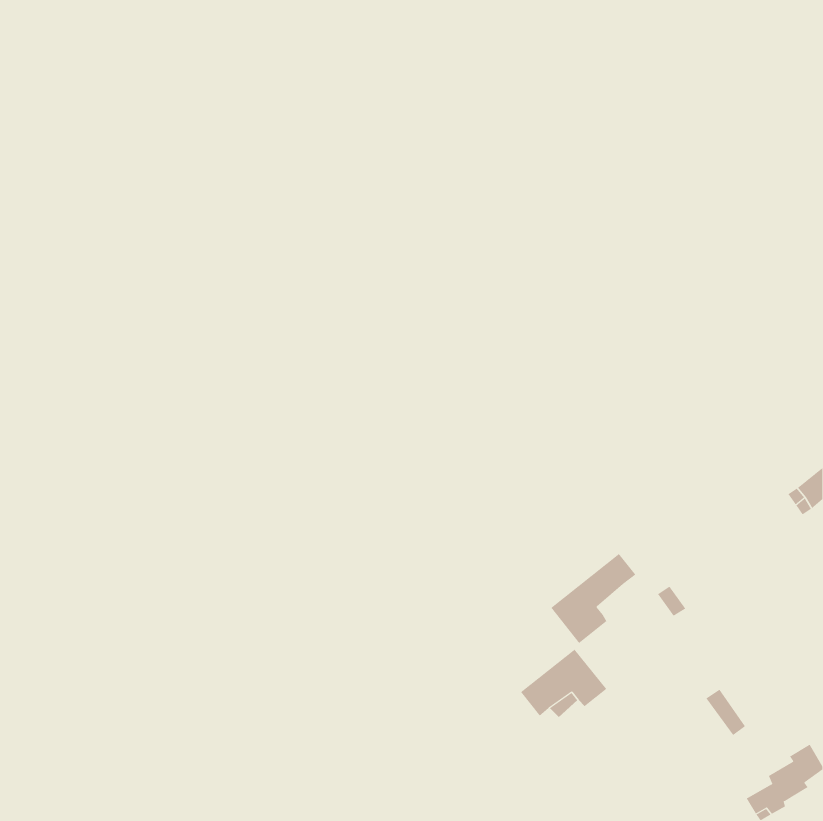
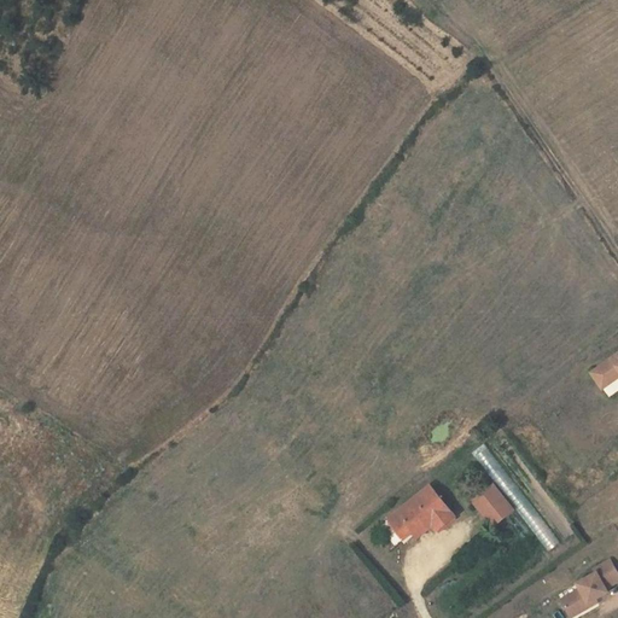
building: [550,553,636,644] -> none
building: none -> [473,486,513,526]

